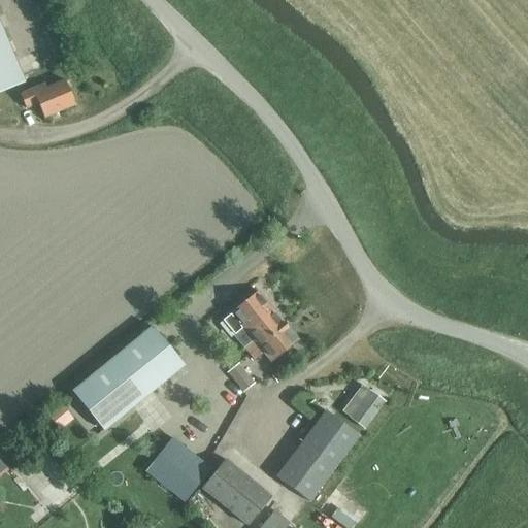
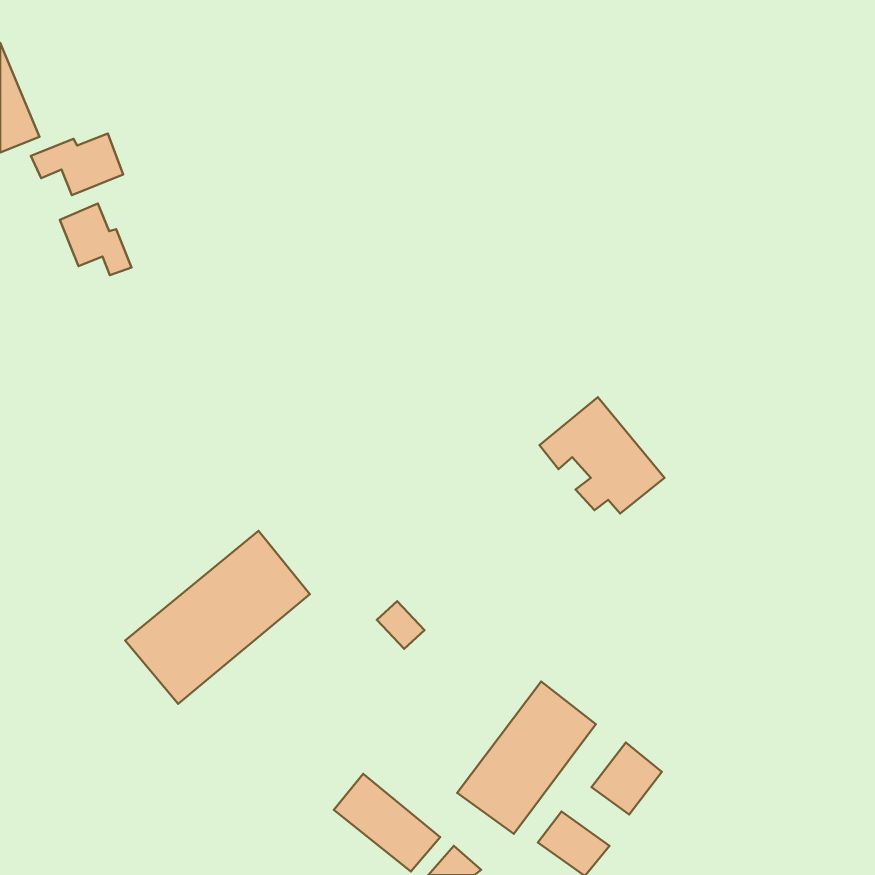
building: none -> [60,204,132,275]
building: [223,292,298,362] -> [540,397,665,514]
building: [340,386,383,429] -> [592,743,662,815]
building: [144,437,211,503] -> none

